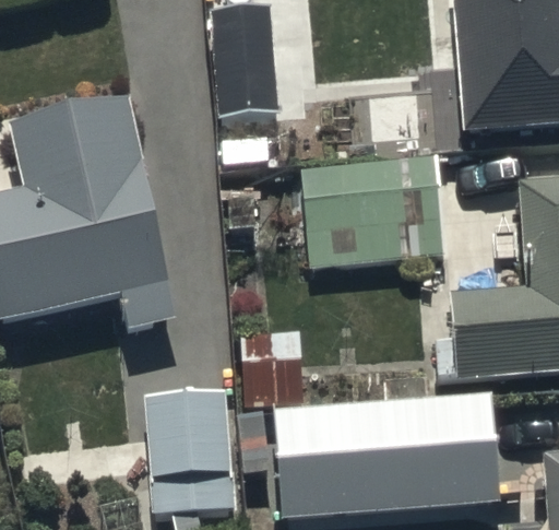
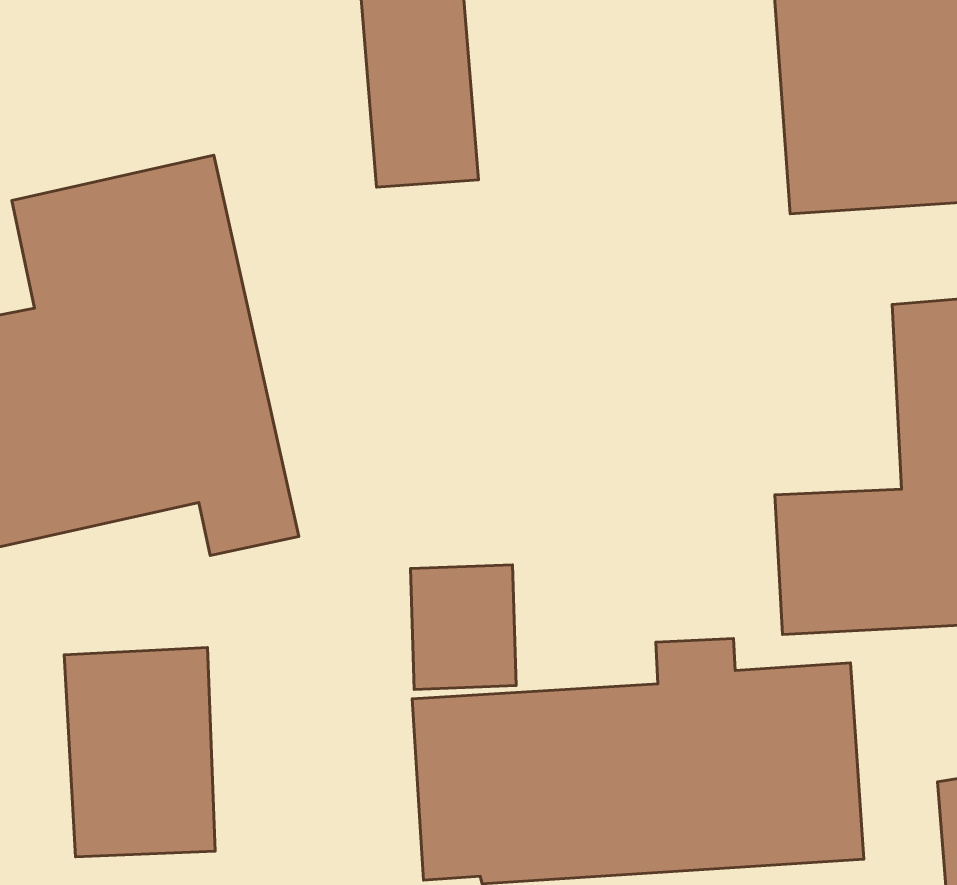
building: [297,157,447,270] -> none
building: [144,390,231,511] -> [64,647,215,857]

